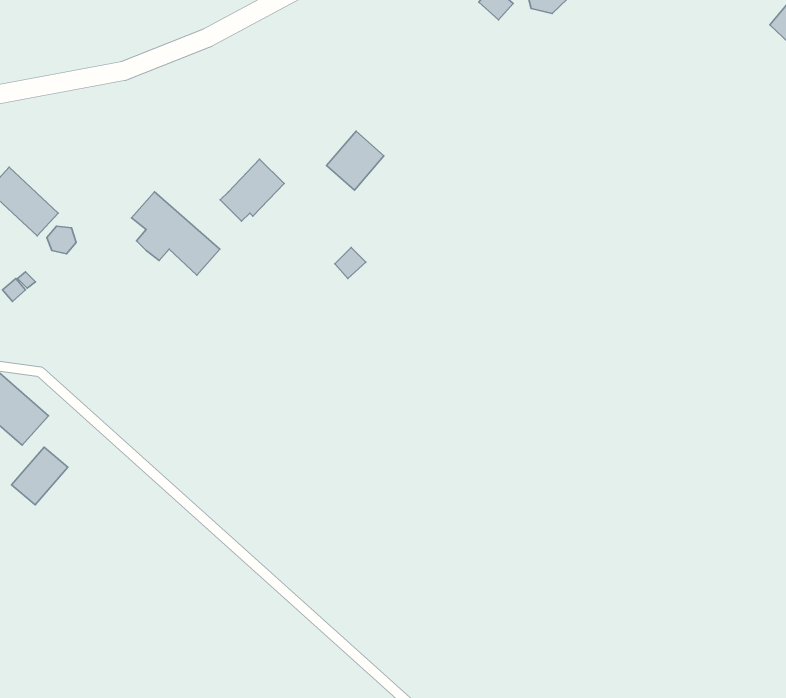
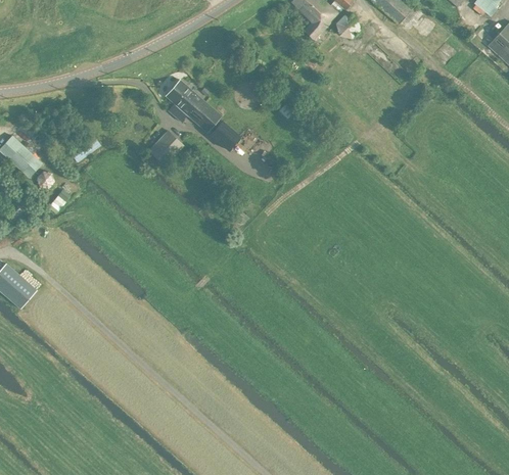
building: [131,192,220,275] -> [165,79,220,131]
building: [11,447,68,505] -> none

